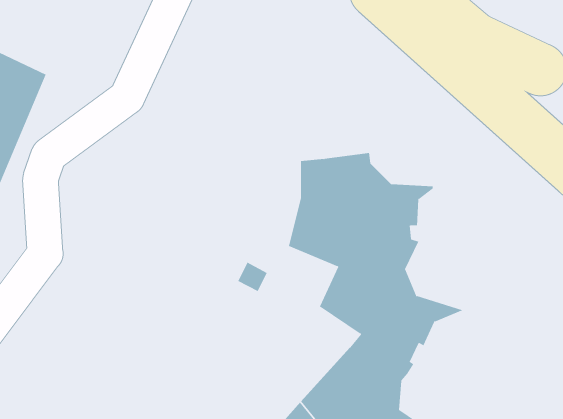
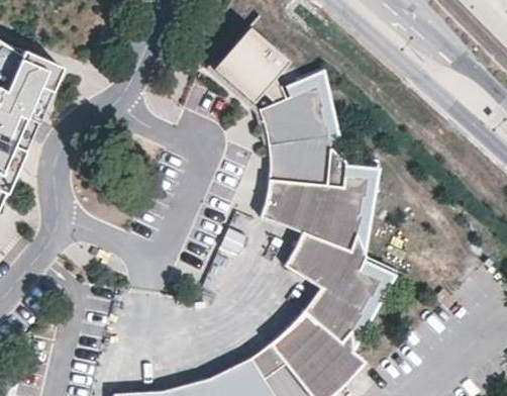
building: none -> [210,19,340,141]

